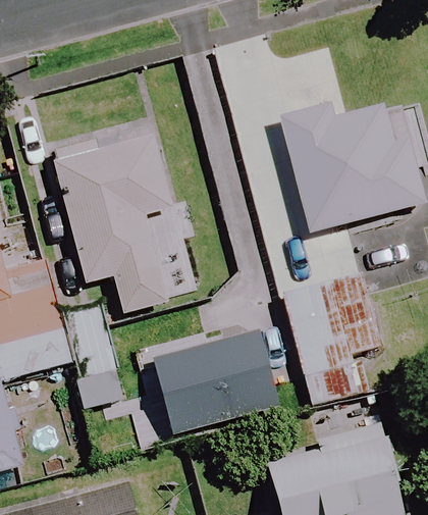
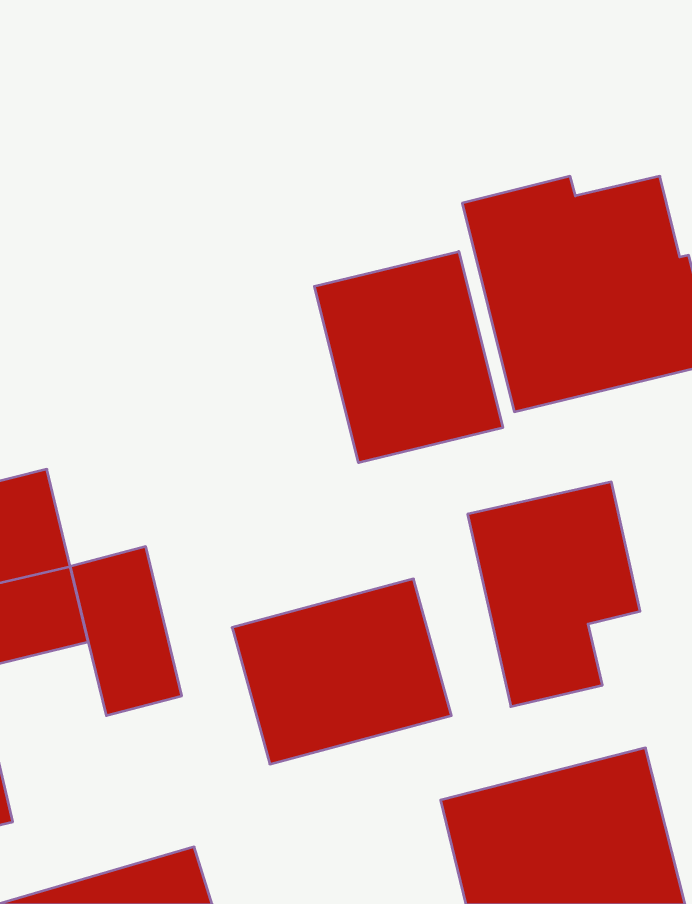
building: [55,133,170,312] -> none
building: none -> [314,251,503,463]

